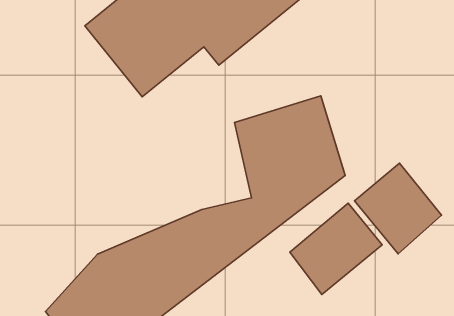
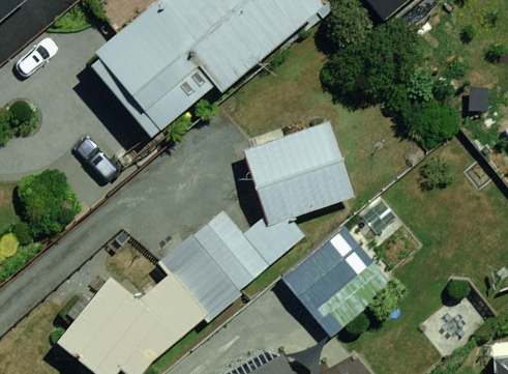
building: [354,163,441,254] -> none

